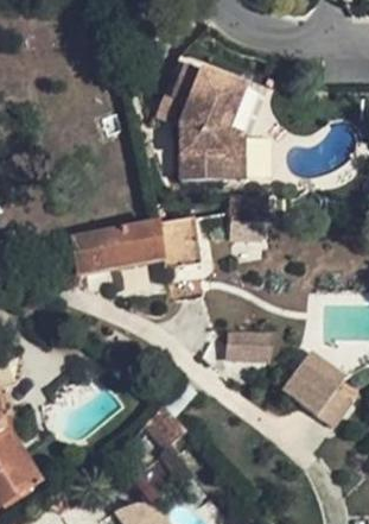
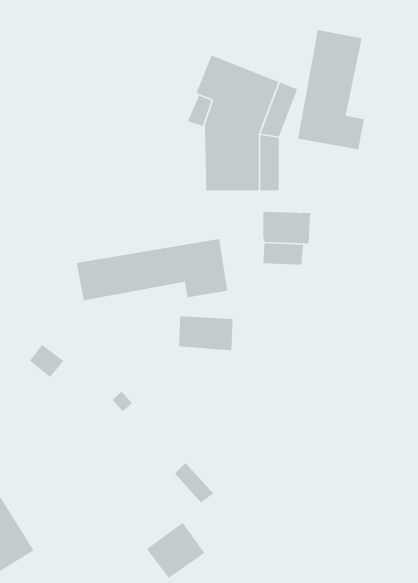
building: none -> [297,29,365,150]
building: [225,332,272,361] -> [178,316,234,351]
building: [282,352,349,424] -> none

